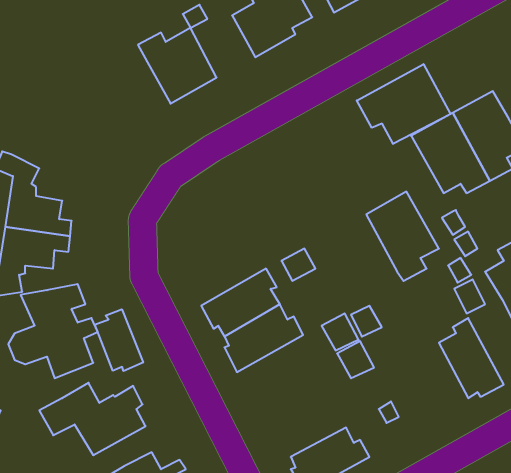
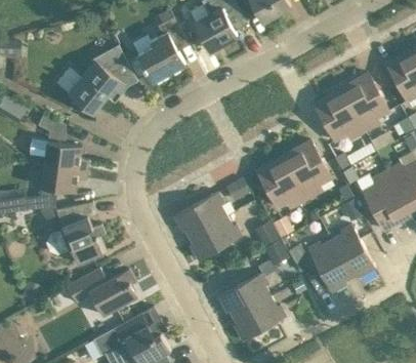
building: none -> [68,44,137,113]
building: [357,64,450,144] -> none
building: none -> [255,156,307,209]
building: [95,309,143,371] -> none
building: none -> [306,241,350,292]
building: none -> [217,273,269,317]

